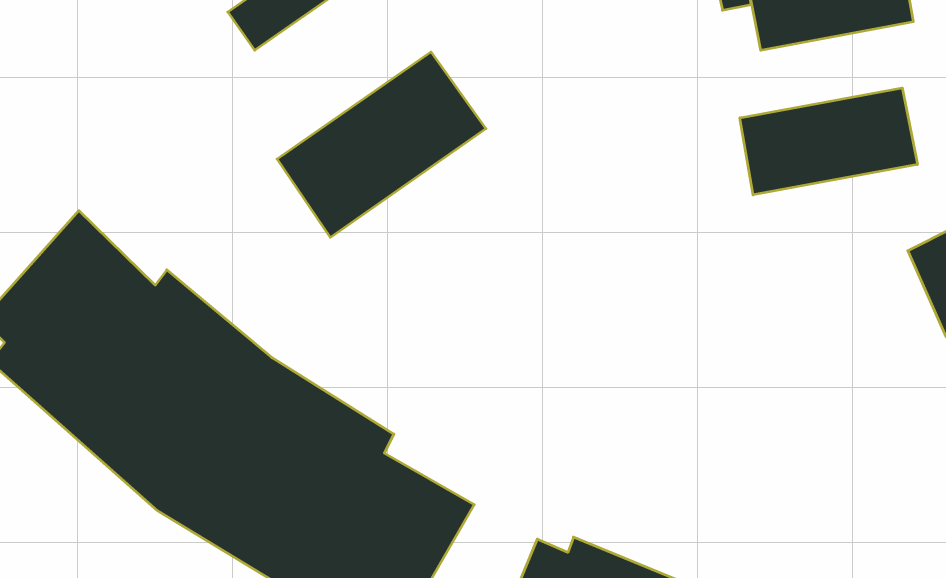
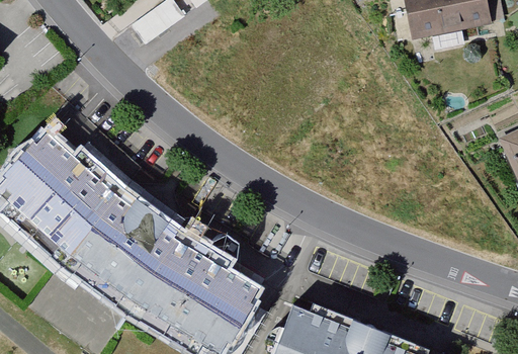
building: [277,52,486,237] -> none
building: [740,88,917,195] -> none

